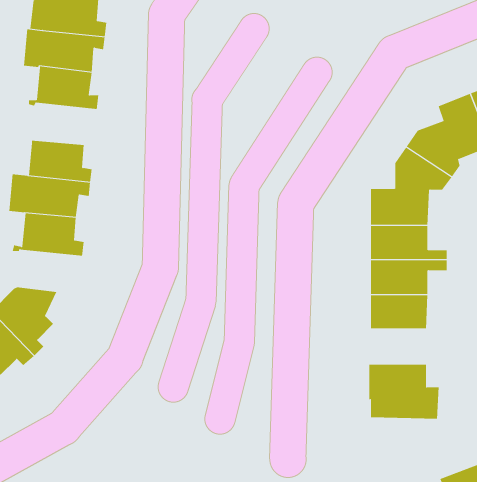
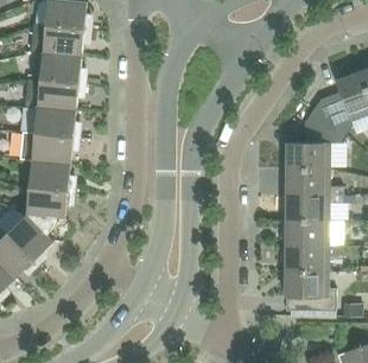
building: none -> [25,78,85,109]
building: none -> [20,186,75,217]
building: none -> [285,244,343,270]

